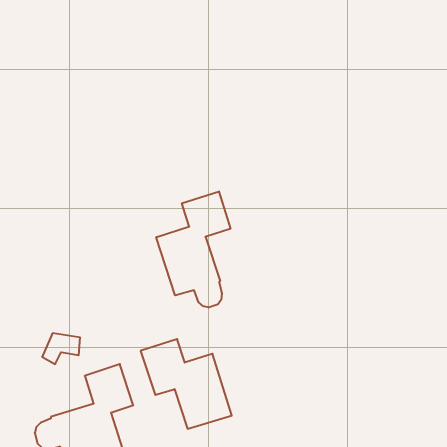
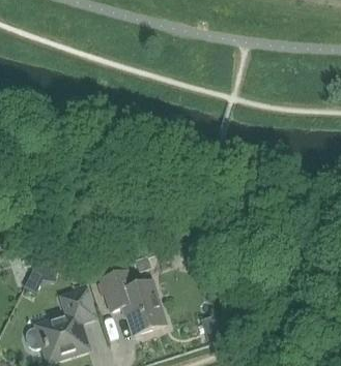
building: [156,191,230,308] -> none

